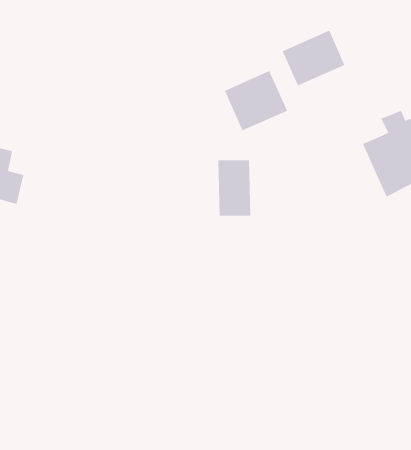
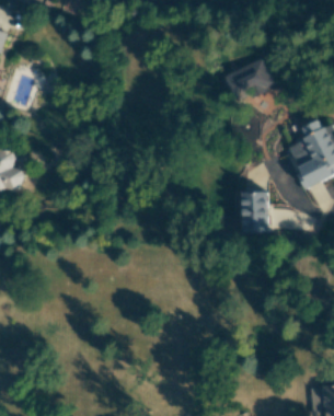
building: [224,70,288,131] -> none
building: [217,160,251,216] -> [242,188,268,232]

